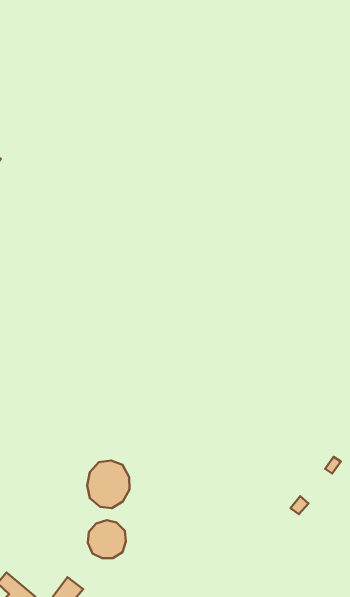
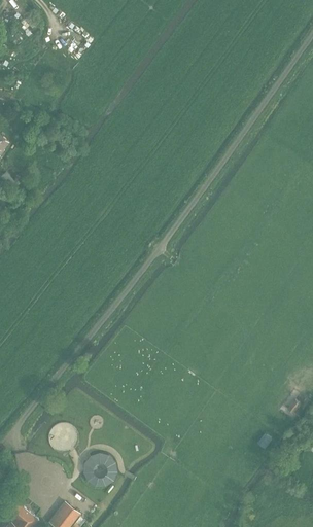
building: [87,461,129,508] -> none

